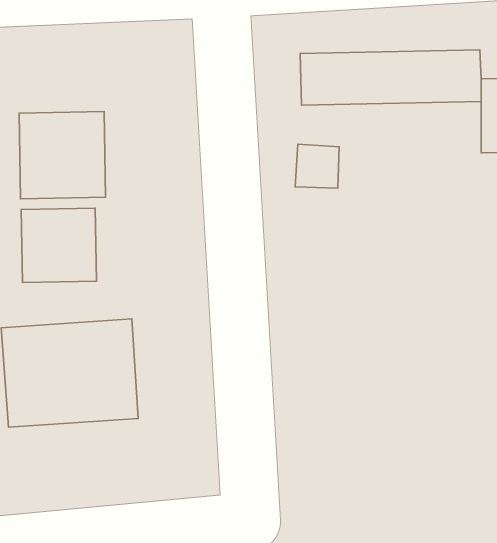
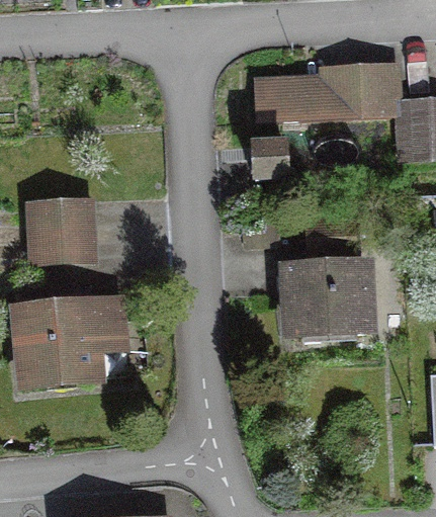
building: [19,112,106,199] -> none
building: none -> [285,272,365,334]

